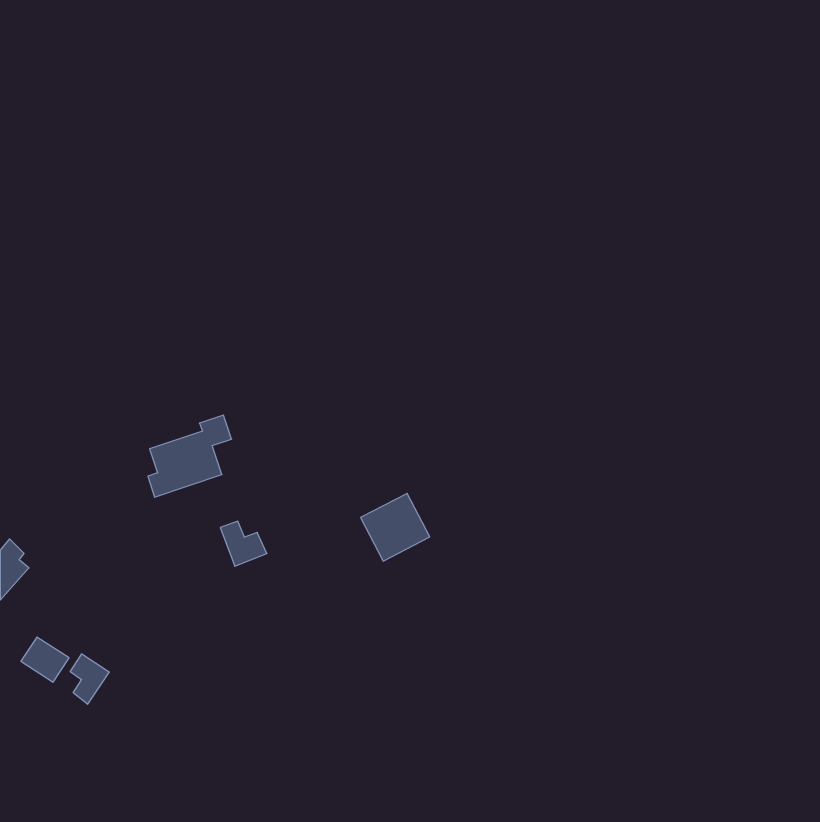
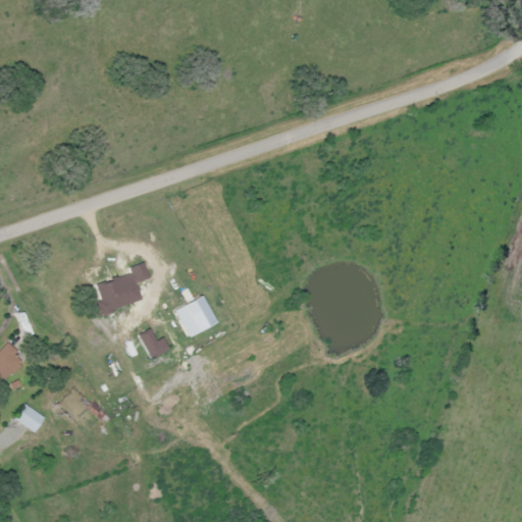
building: [361,493,430,561] -> [173,295,217,337]
building: [70,654,109,704] -> none

